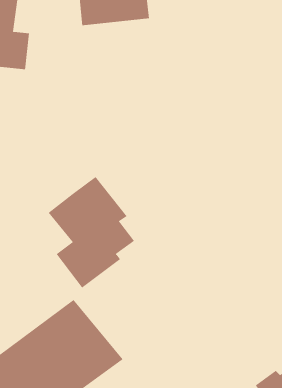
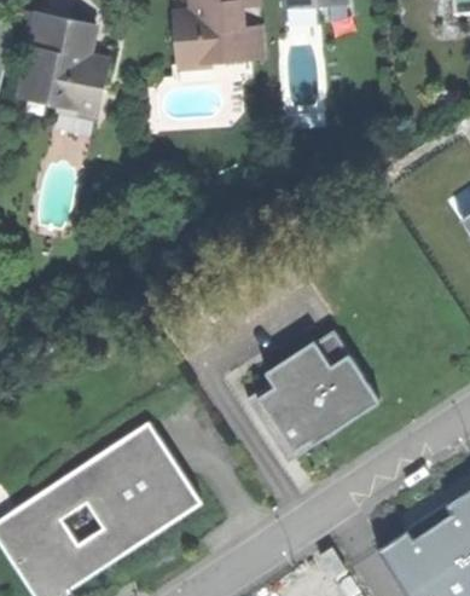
building: [48,176,135,288] -> none
building: none -> [246,325,377,455]

